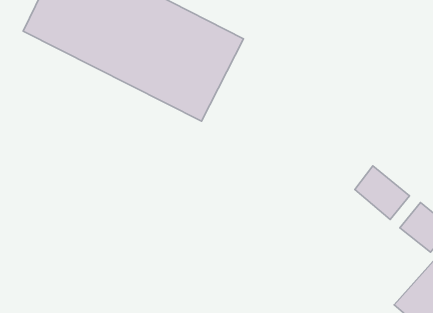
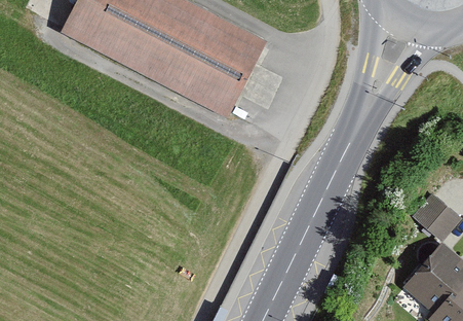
building: [355,166,409,219] -> none

